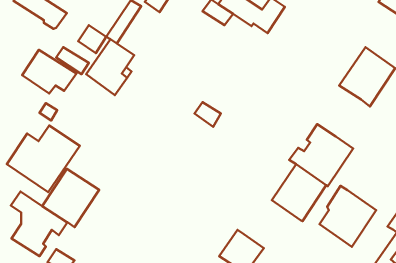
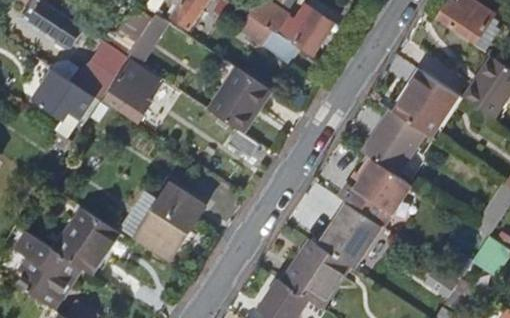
building: none -> [200,61,266,132]
building: none -> [360,108,418,170]
building: [7,126,80,192] -> [122,183,205,259]
building: [319,186,376,247] -> [284,238,349,308]

